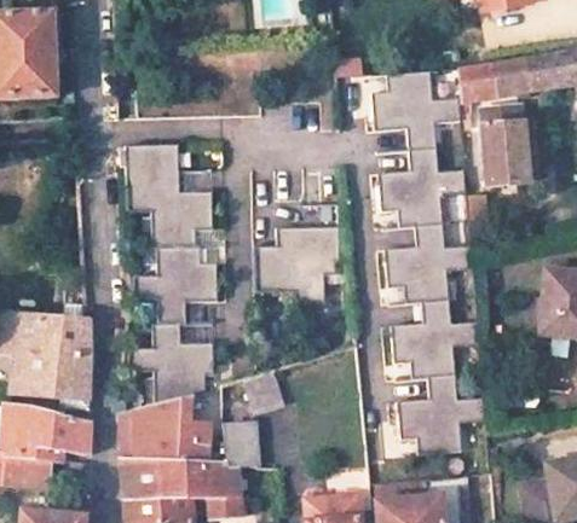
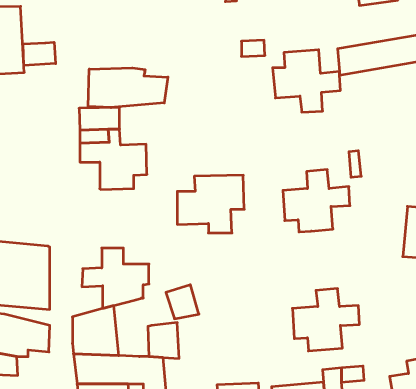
building: none -> [23,42,56,65]
building: none -> [88,68,168,108]
building: [483,110,529,188] -> none
building: [381,147,468,226] -> none
building: [132,246,217,322] -> none
building: [394,298,480,378] -> none
building: [172,387,207,461] -> none

